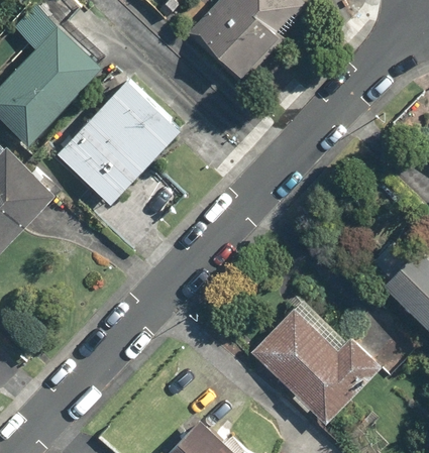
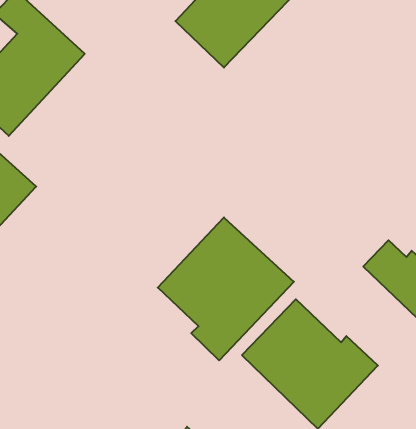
building: [59,81,181,204] -> none
building: none -> [158,217,294,360]

